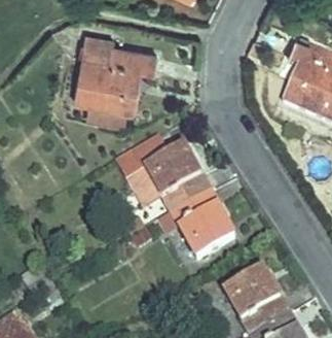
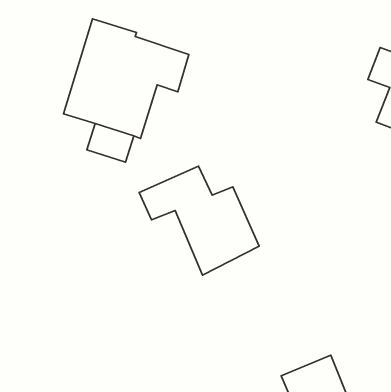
building: [165,197,225,256] -> none

